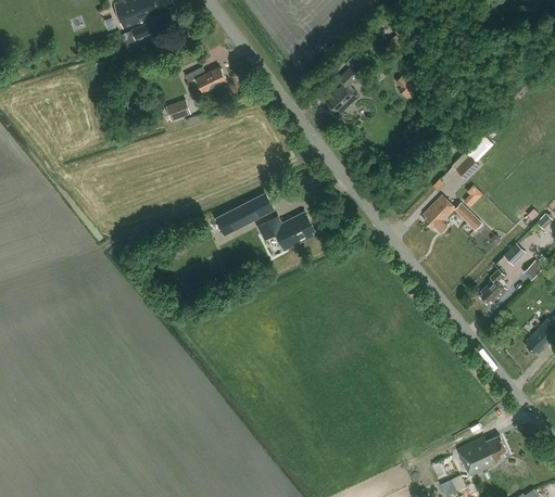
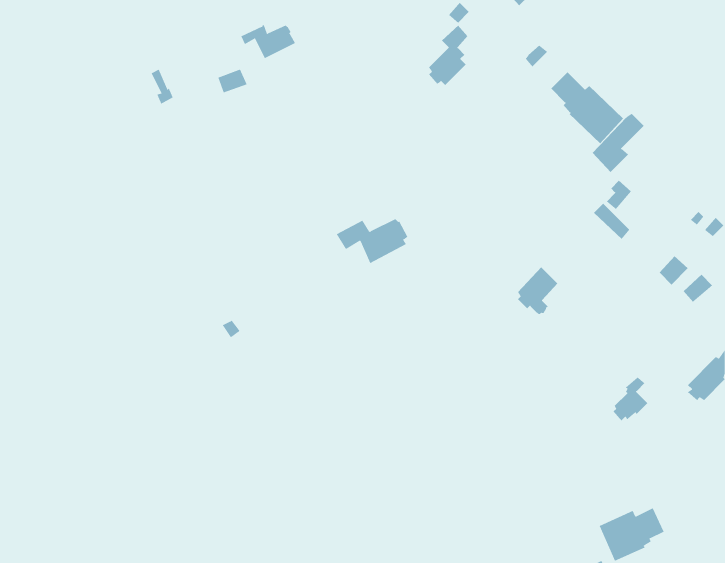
building: none -> [551,71,624,144]
building: [215,194,274,237] -> none
building: [422,195,454,232] -> [517,266,558,315]
building: [479,269,506,304] -> [612,376,648,422]

